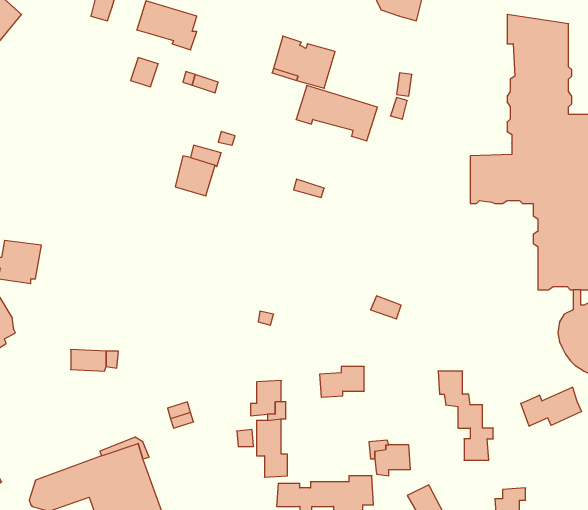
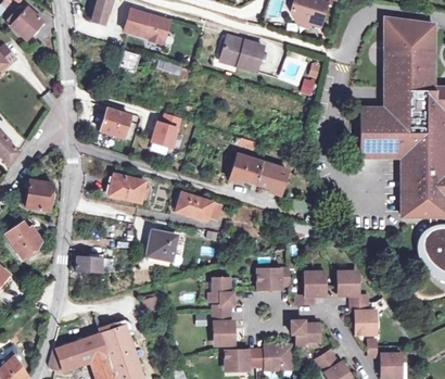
building: [296,86,377,141] -> [230,155,288,194]
building: none -> [100,106,130,137]
building: none -> [111,174,147,203]
building: none -> [176,192,223,220]
building: none -> [148,230,178,261]
building: none -> [293,273,322,304]
building: [521,387,581,426] -> none

